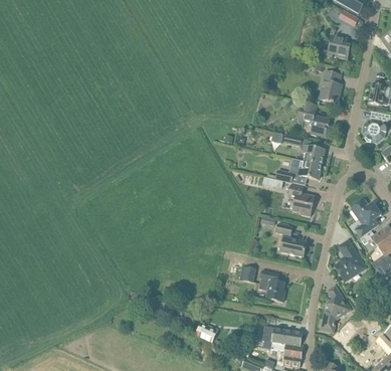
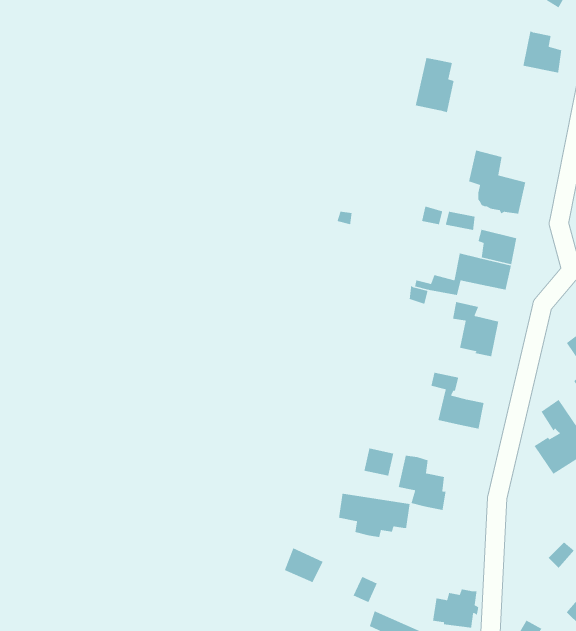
building: [320,71,342,103] -> [415,57,455,113]
building: [323,286,351,331] -> none
building: [262,326,303,351] -> [338,493,410,538]

